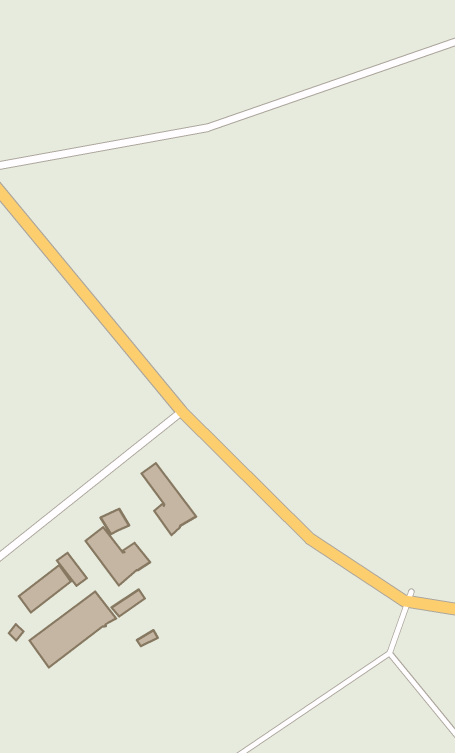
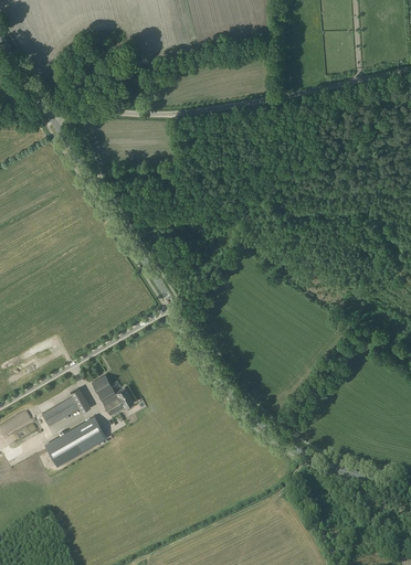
building: [142,463,196,535] -> none

